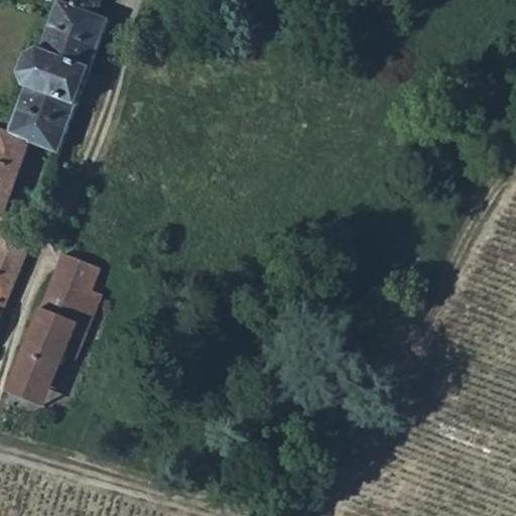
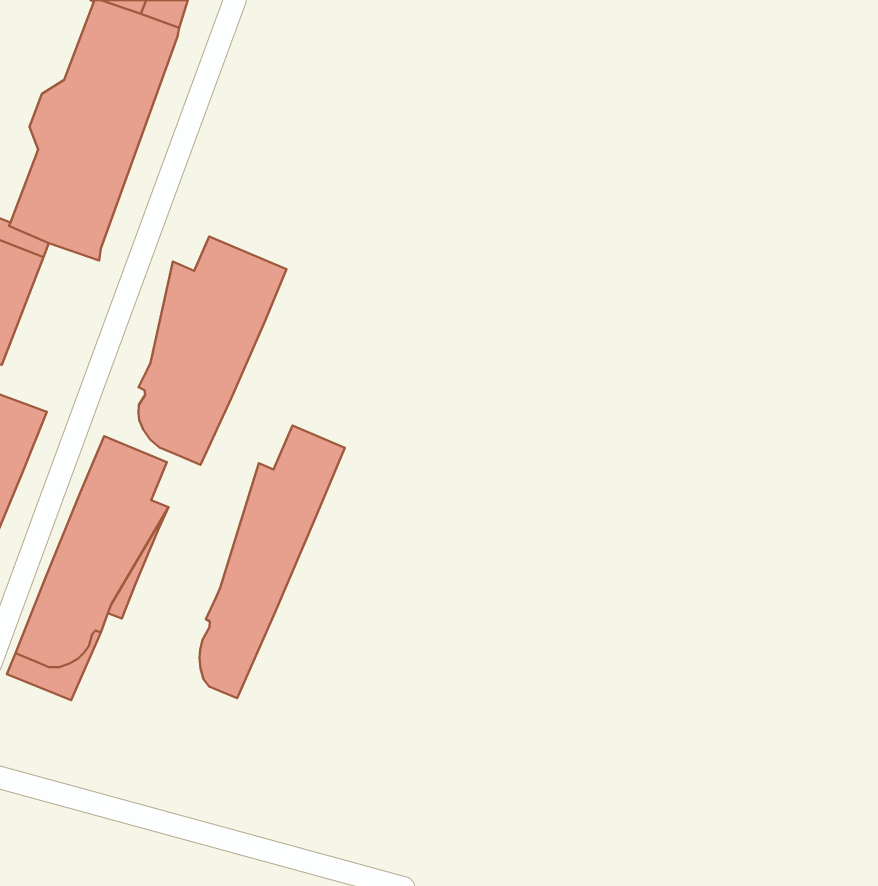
building: none -> [138,236,287,465]
building: none -> [199,425,345,698]

